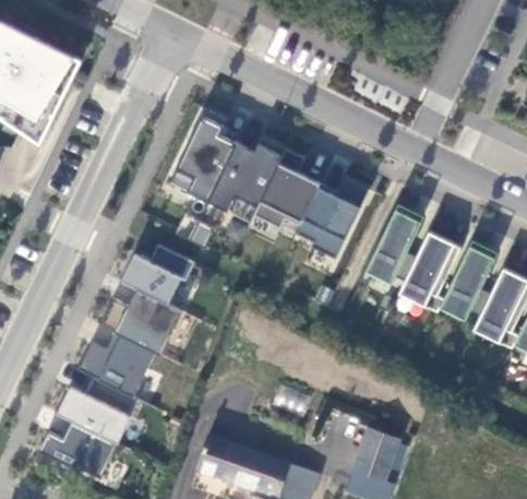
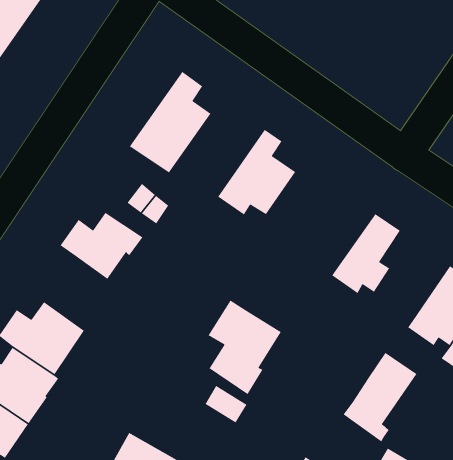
building: [209,136,288,222] -> none
building: [295,177,368,257] -> none
building: [400,230,462,311] -> [342,352,418,442]
building: [100,287,183,354] -> none
building: none -> [207,300,282,395]

